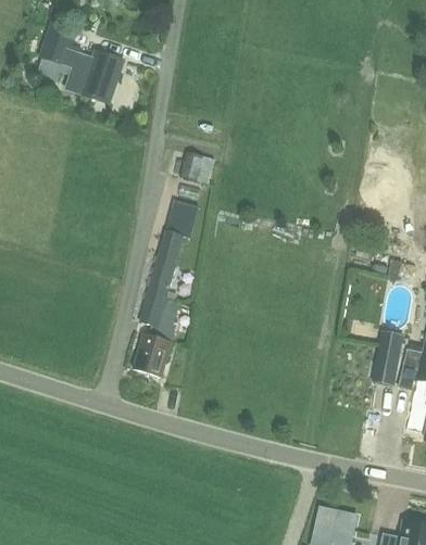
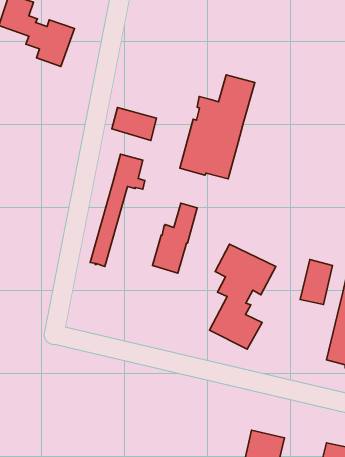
building: none -> [180,75,255,179]
building: [131,299,181,377] -> [152,203,197,273]
building: none -> [209,244,276,349]

